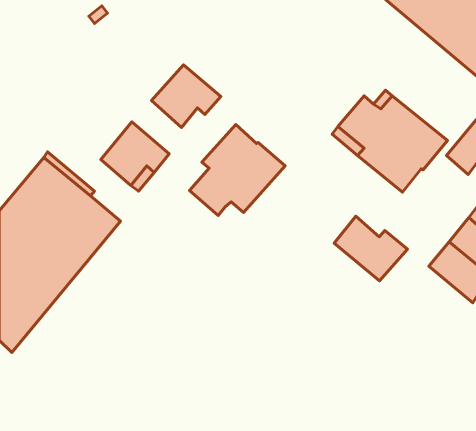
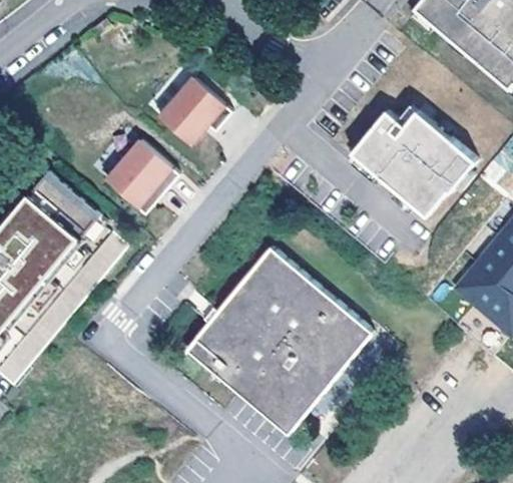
building: [189,124,285,215] -> none
building: [334,216,408,281] -> none
building: none -> [181,246,367,430]

